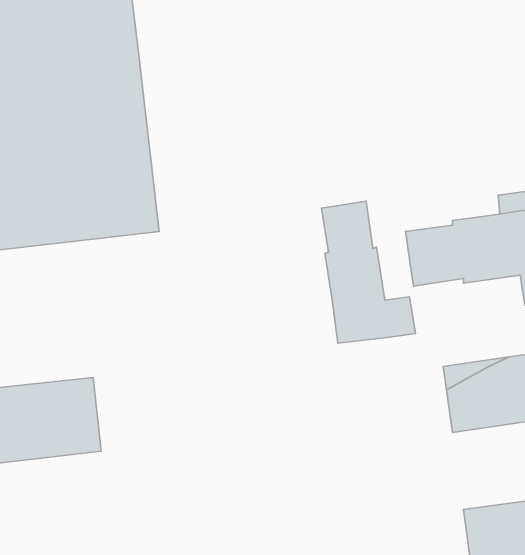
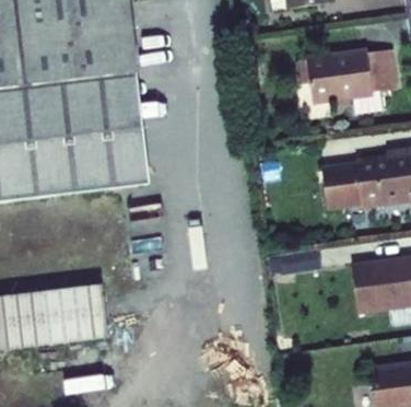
building: none -> [297,54,385,118]
building: [321,201,416,343] -> none

